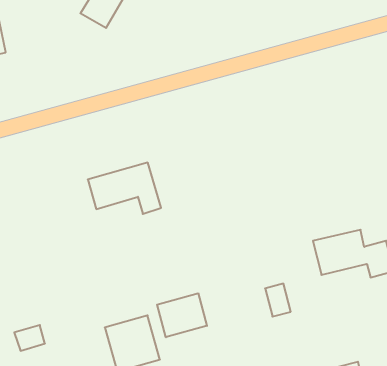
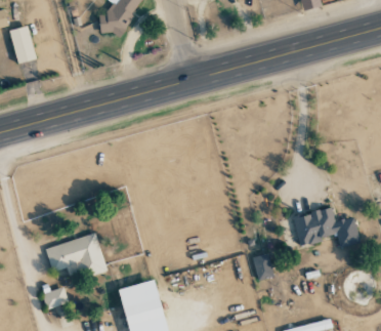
building: [88,163,161,214] -> [45,233,107,276]
building: [157,293,207,337] -> none

